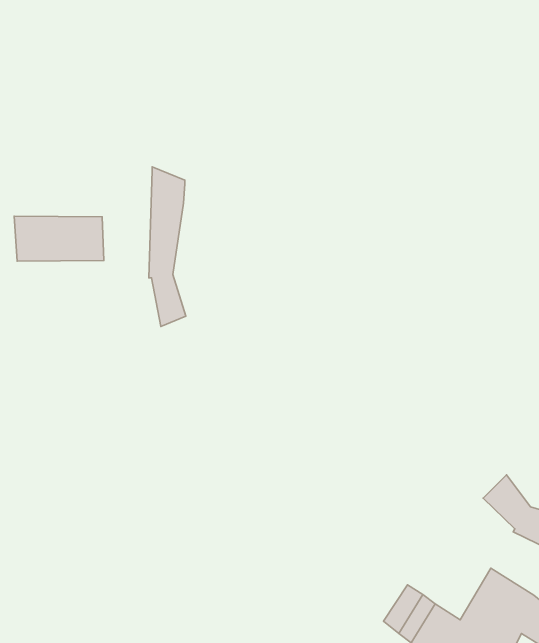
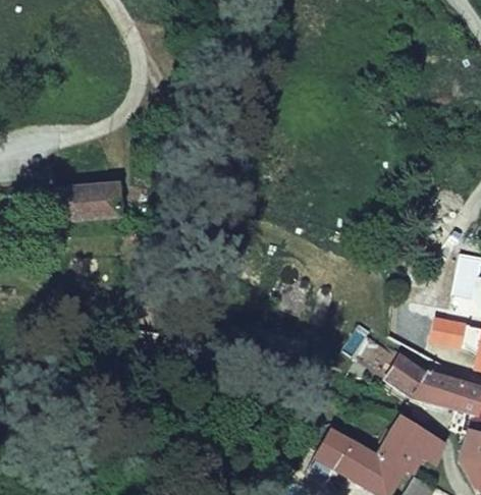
building: [149,167,186,326] -> none

